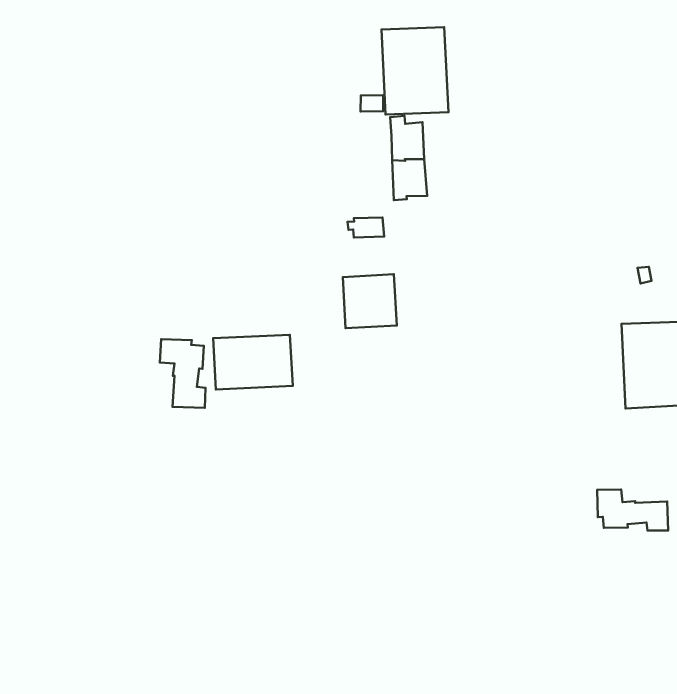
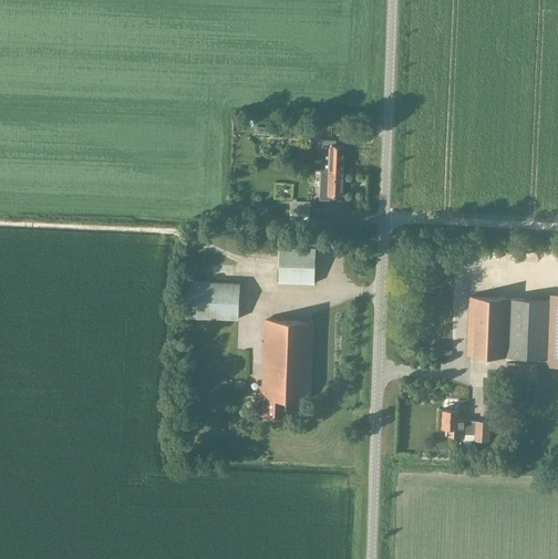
building: [381,27,448,115] -> none
building: [160,339,206,408] -> none
building: none -> [257,322,312,420]

